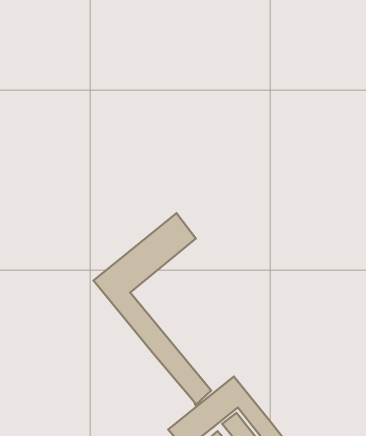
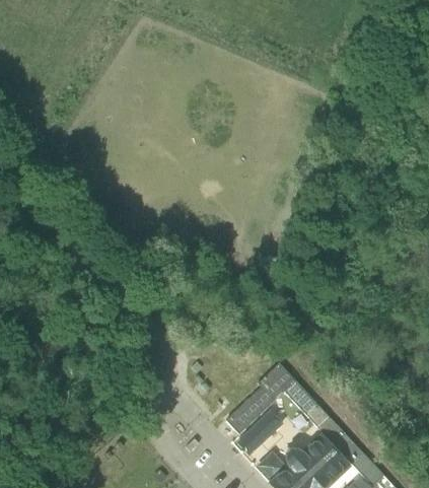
building: [94,213,211,405] -> none

